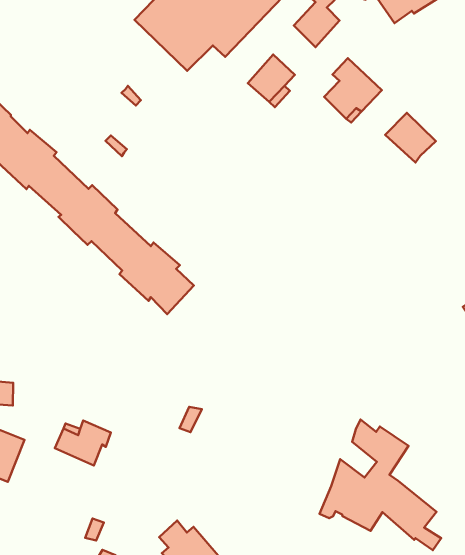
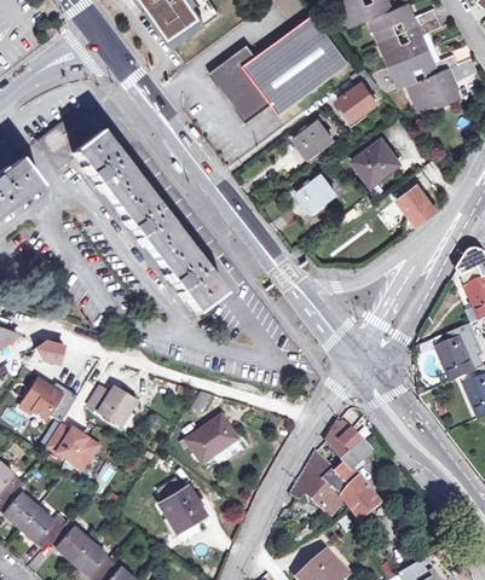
building: none -> [298,175,335,210]
building: none -> [186,416,237,462]
building: none -> [44,422,102,475]

